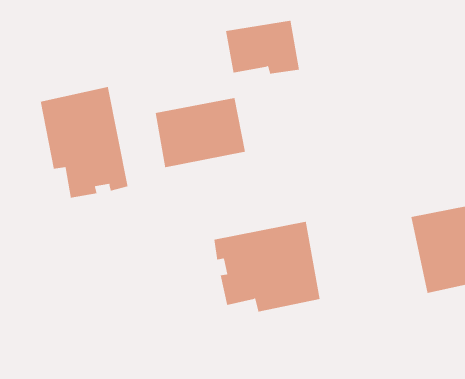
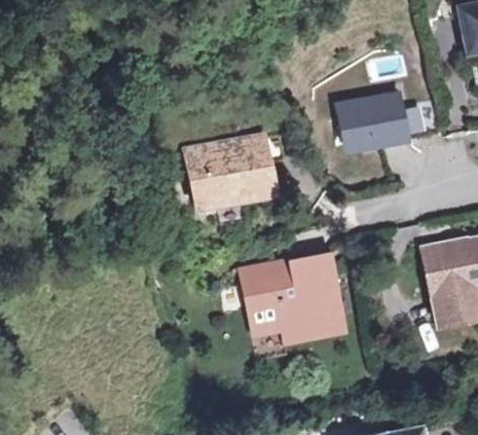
building: [225,20,300,74] -> [340,94,411,145]
building: [40,86,128,199] -> none

